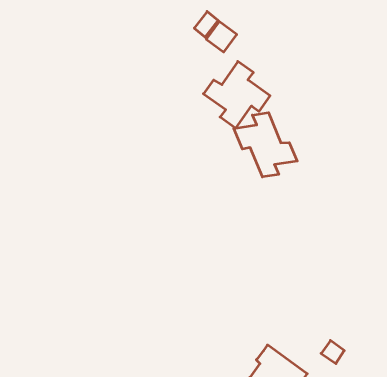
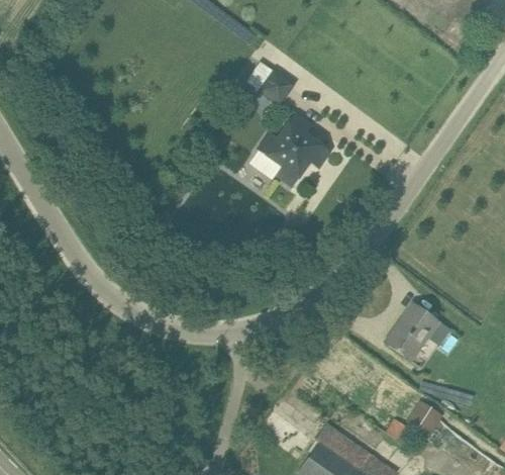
building: [234,113,297,177] -> none
building: none -> [386,303,449,361]
building: none -> [407,401,442,437]

